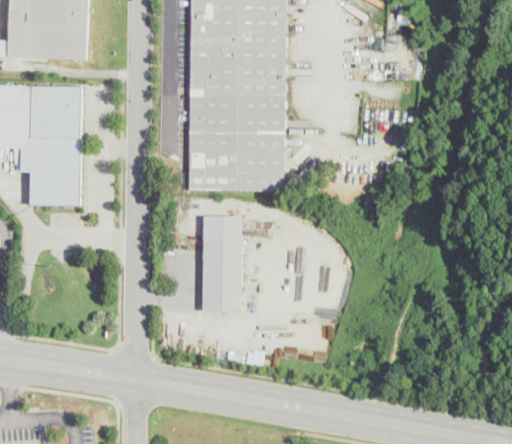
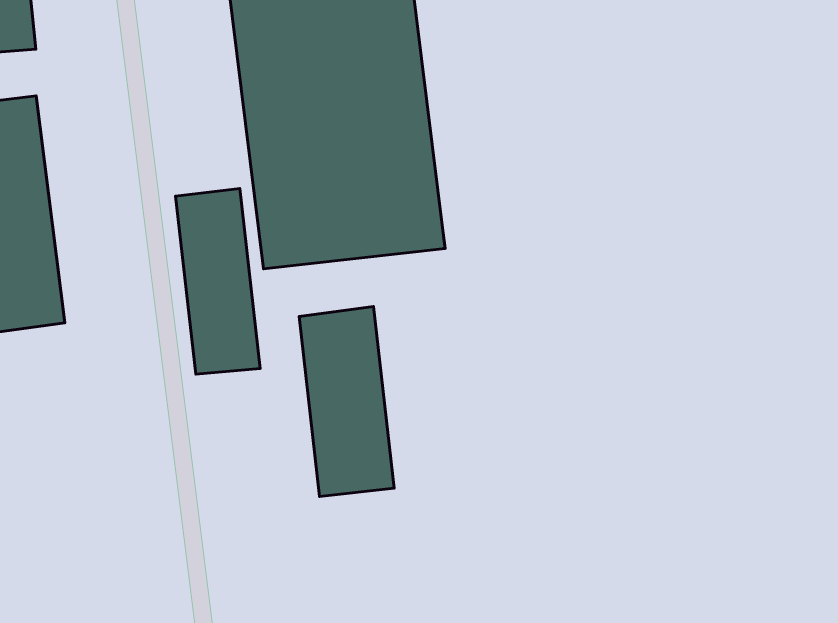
building: none -> [176,189,260,374]

